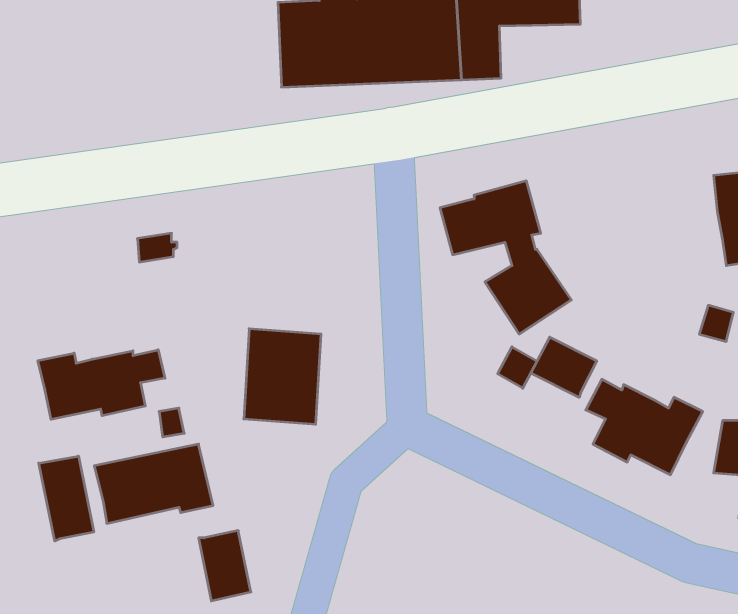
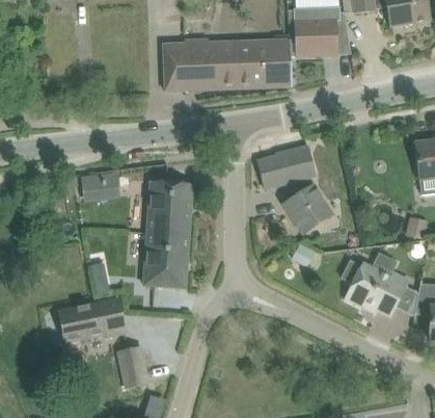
building: none -> [147,179,193,234]
building: [531,337,597,397] -> none
building: [38,350,165,419] -> none
building: [39,456,94,541] -> none

